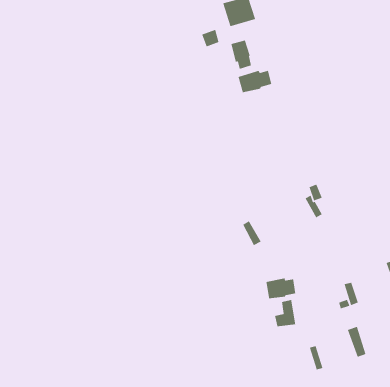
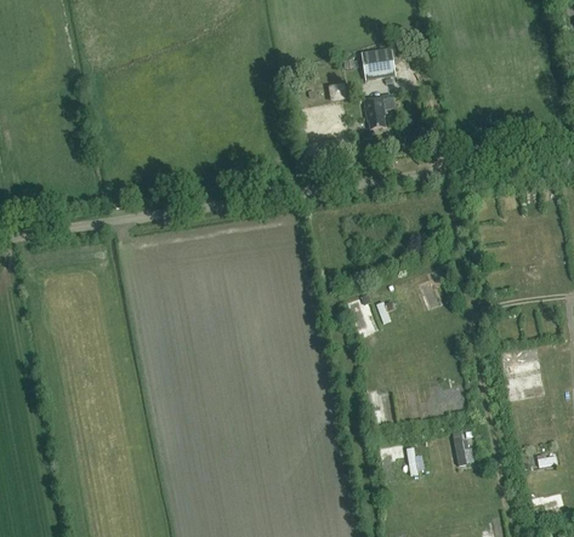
building: [238,70,272,93] -> none
building: [265,277,296,299] -> none

